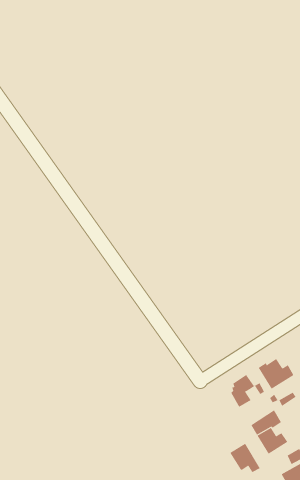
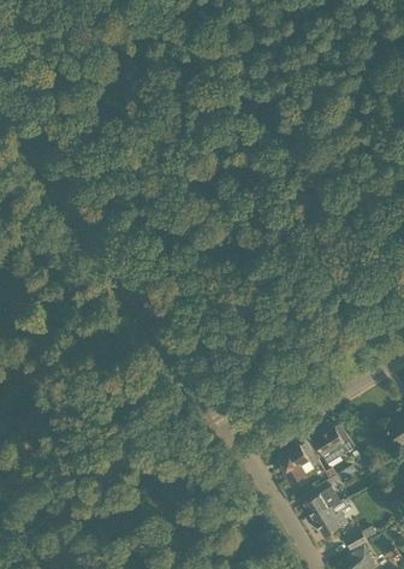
building: [229,443,261,473] -> none

